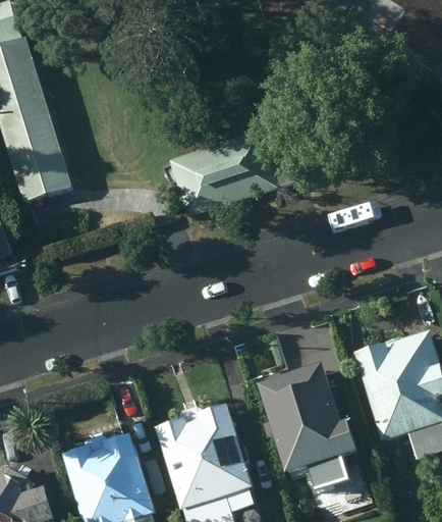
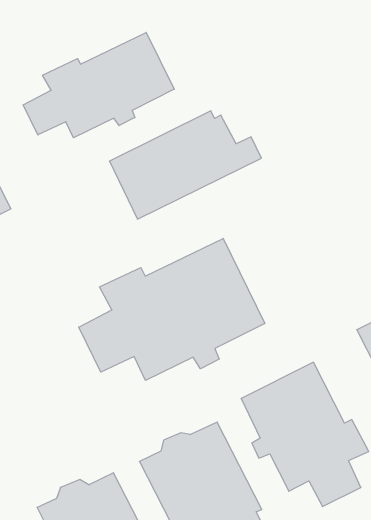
building: none -> [23,32,174,138]
building: none -> [79,238,265,380]

